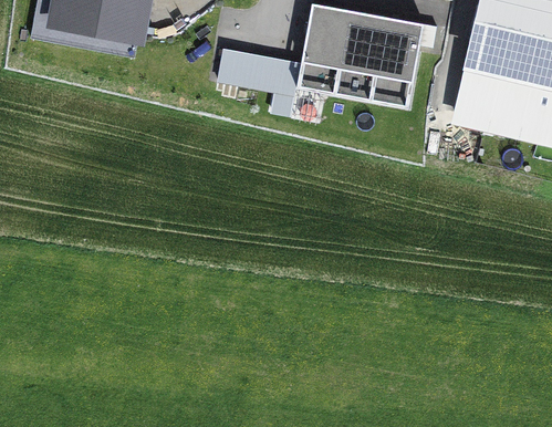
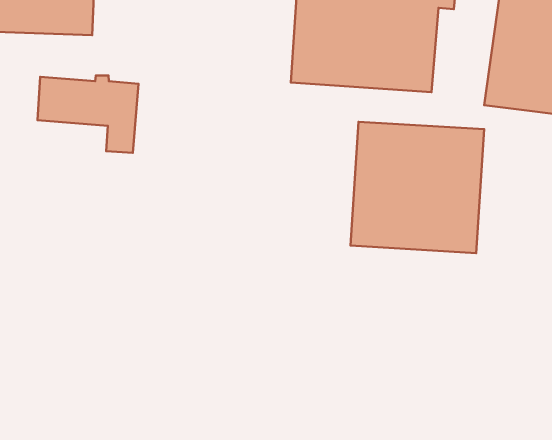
building: [218,48,301,115] -> [37,75,139,153]
building: none -> [350,122,484,253]

